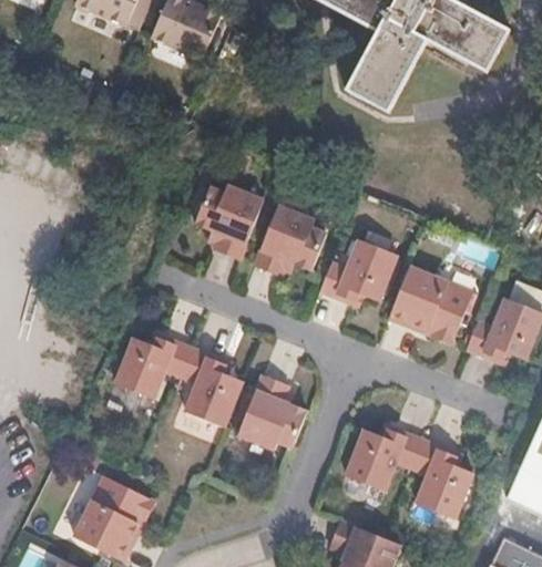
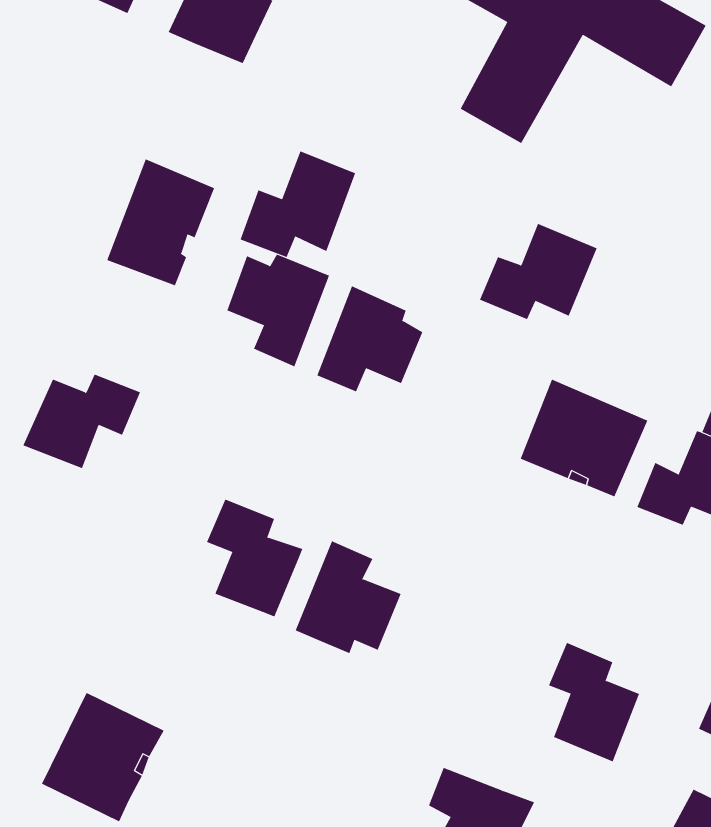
building: none -> [240,151,356,258]
building: none -> [107,159,215,286]
building: [319,239,398,303] -> [479,223,598,320]
building: [114,333,193,396] -> [22,374,141,469]
building: [340,427,420,491] -> none

